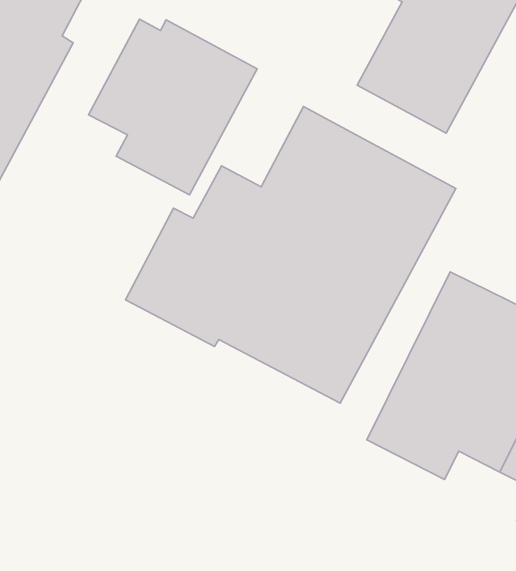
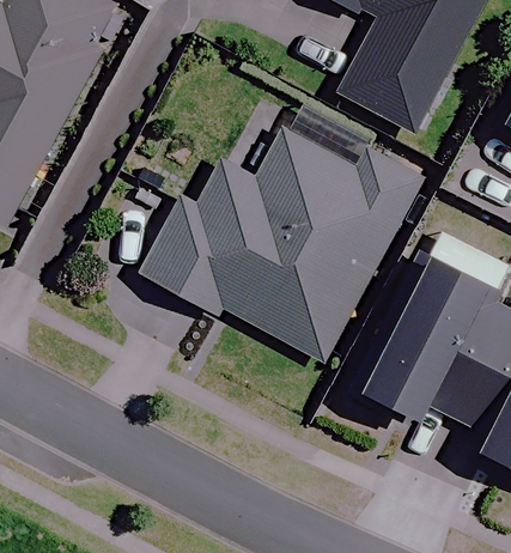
building: [89,19,257,195] -> none

